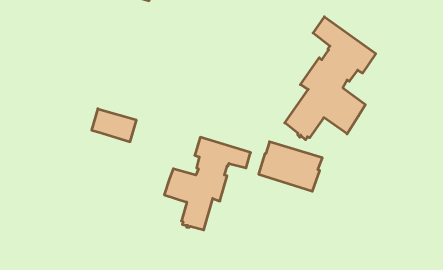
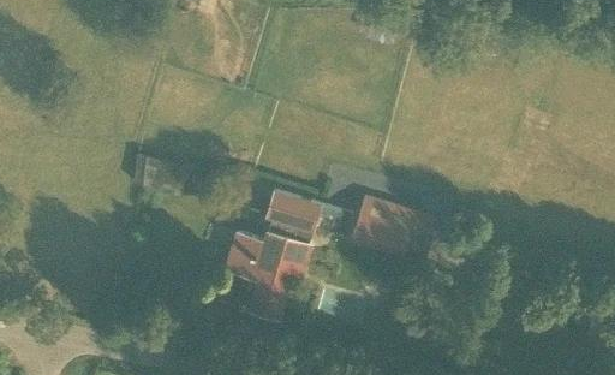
building: [285,17,376,140] -> none

